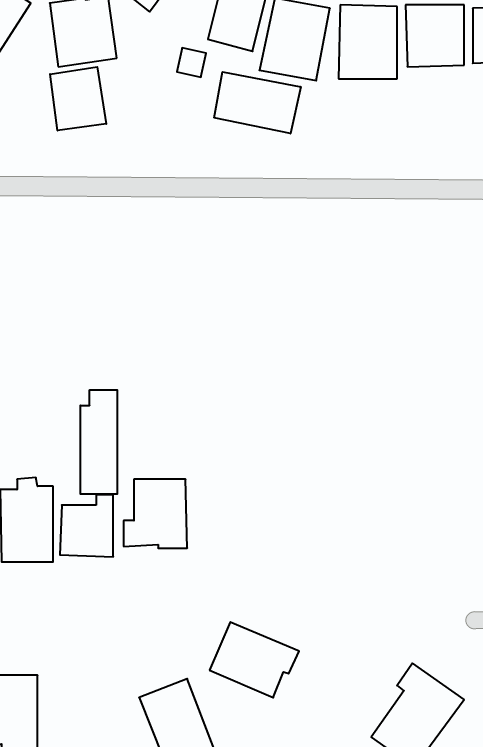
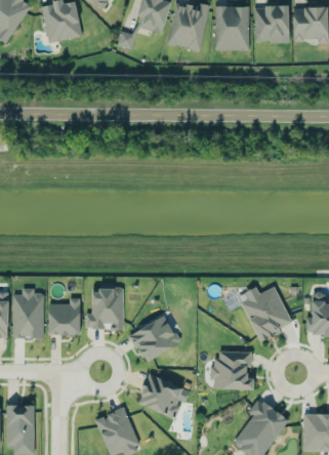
building: [50,67,106,131] -> none
building: [214,72,301,134] -> none
building: [80,390,117,494] -> none
building: none -> [242,286,293,340]
building: none -> [130,316,180,361]
building: none -> [212,350,254,388]

